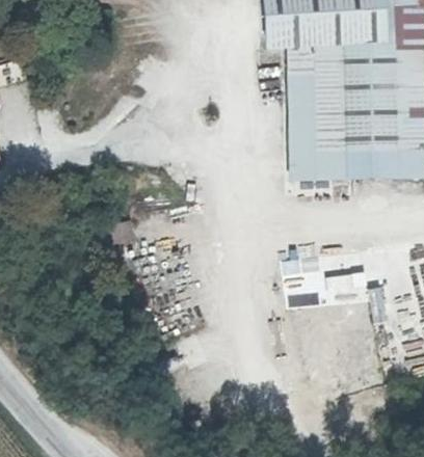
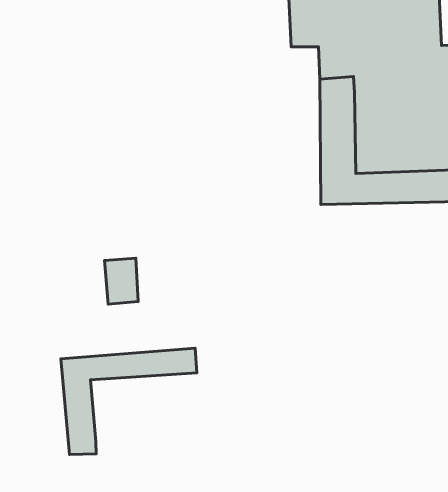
building: none -> [61,348,197,455]

